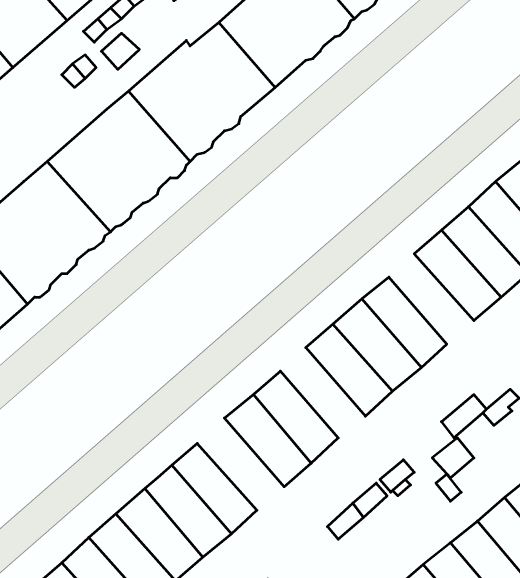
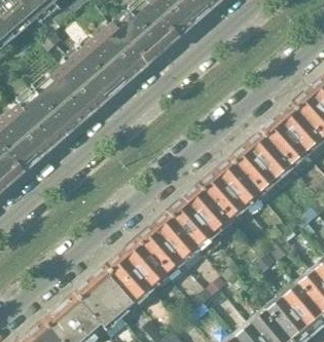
building: none -> [225,147,274,198]
building: none -> [164,200,212,252]
building: none -> [116,240,166,293]

